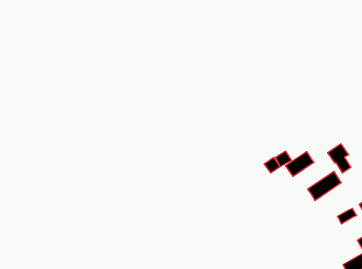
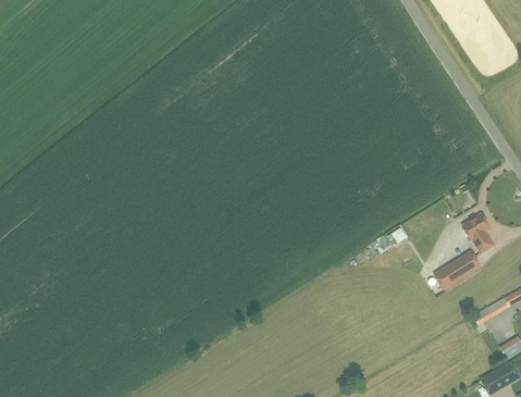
building: [286,152,314,176] -> none

